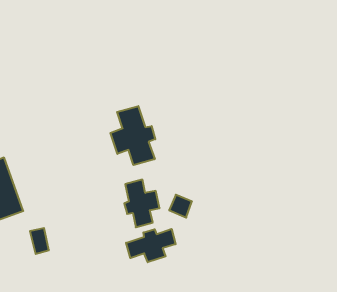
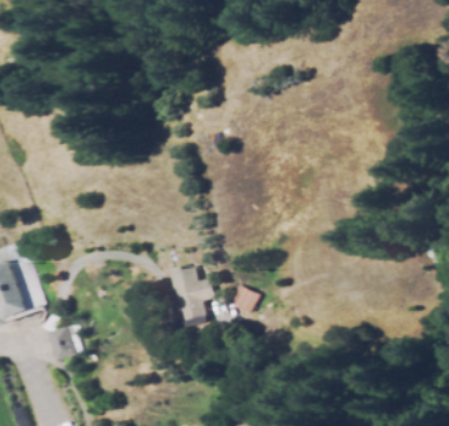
building: [110,106,155,165] -> none
building: [126,229,176,262] -> none

